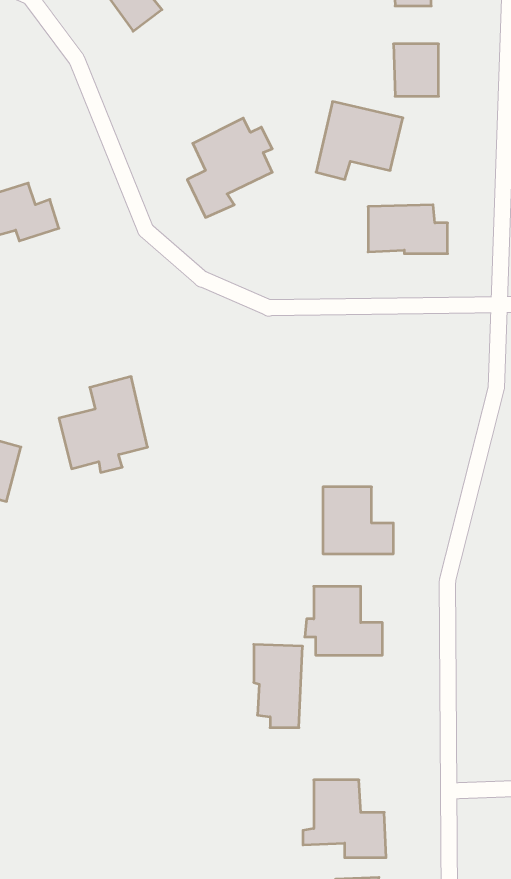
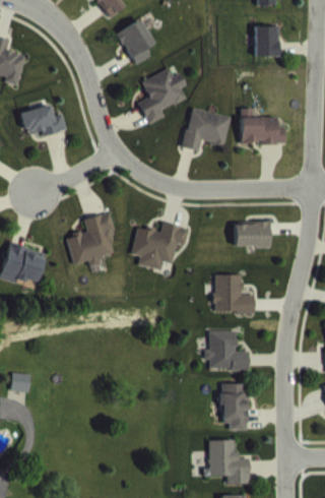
building: none -> [116,18,153,64]
building: [316,102,403,179] -> [182,107,231,150]
building: none -> [131,222,188,269]
building: none -> [234,222,270,246]
building: [254,644,303,728] -> [220,382,248,429]

